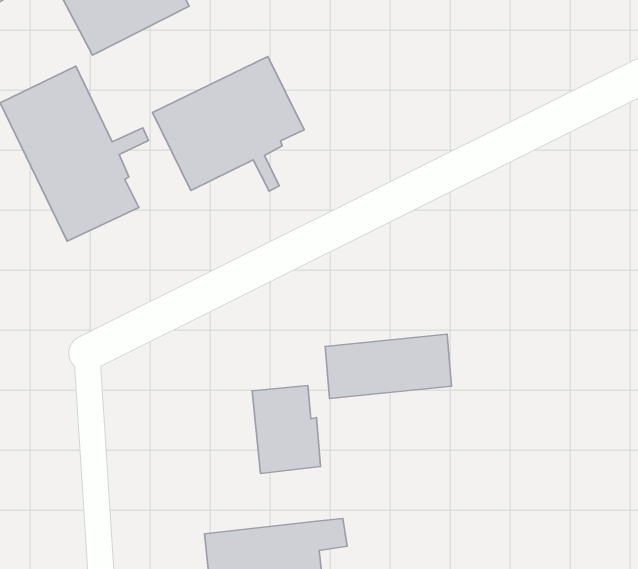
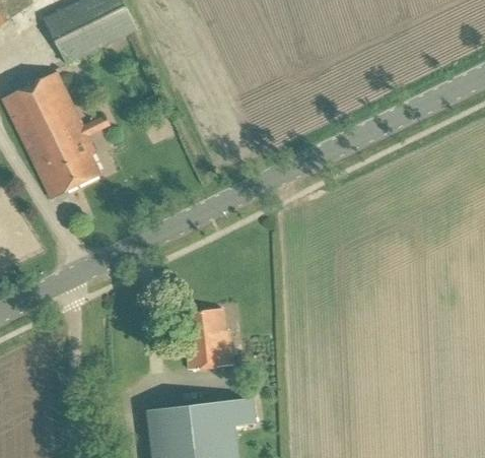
building: [153,57,304,191] -> none
building: [325,334,451,399] -> none

